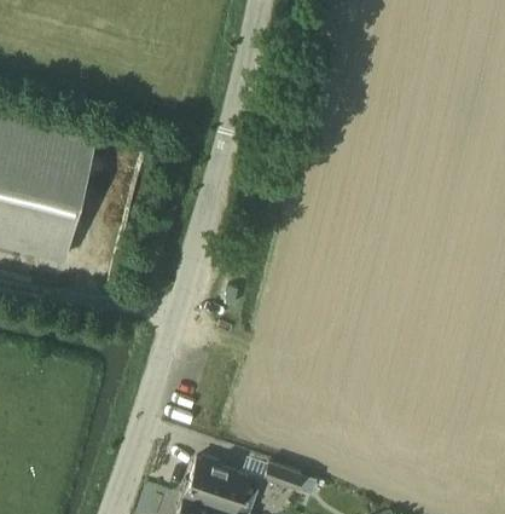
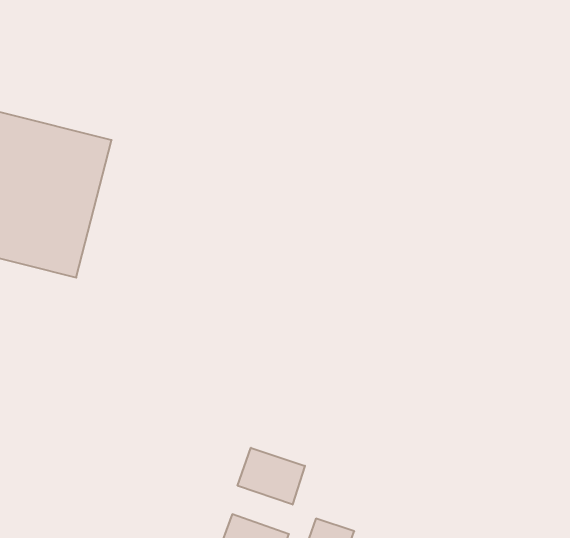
building: none -> [238,448,305,505]

